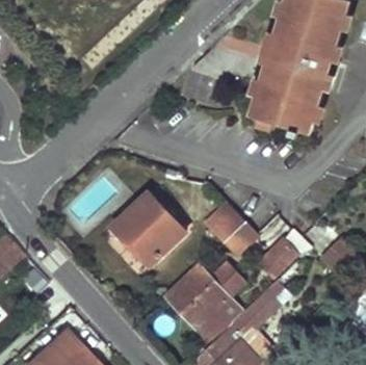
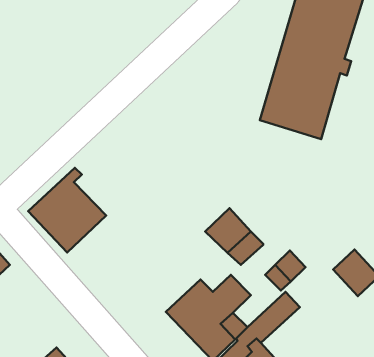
building: [113,187,186,266] -> [28,168,106,252]

